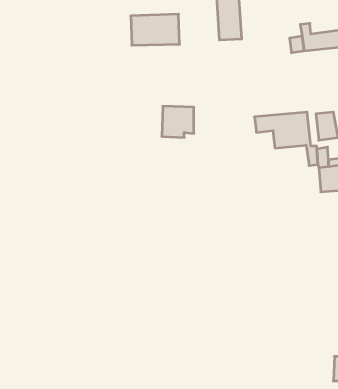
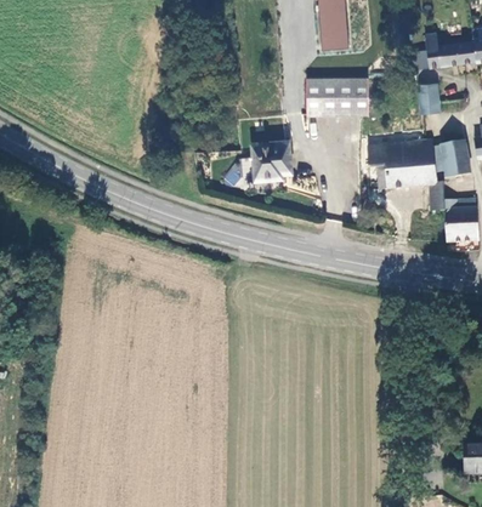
building: [131,14,180,45] -> [300,79,361,118]
building: none -> [413,86,436,116]

